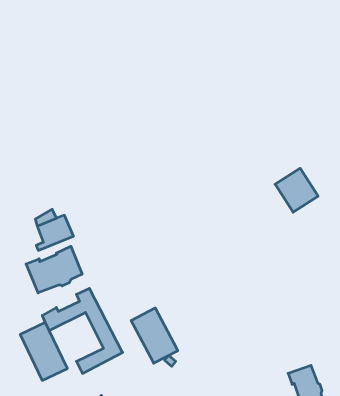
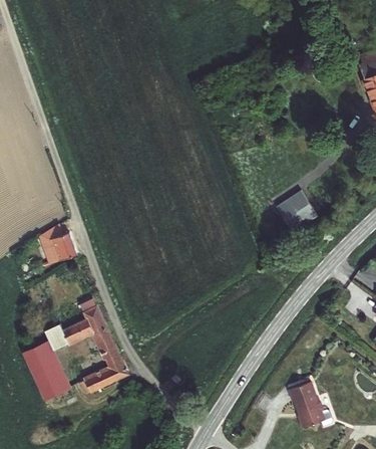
building: [26,246,82,293] -> none
building: [131,308,178,363] -> none

